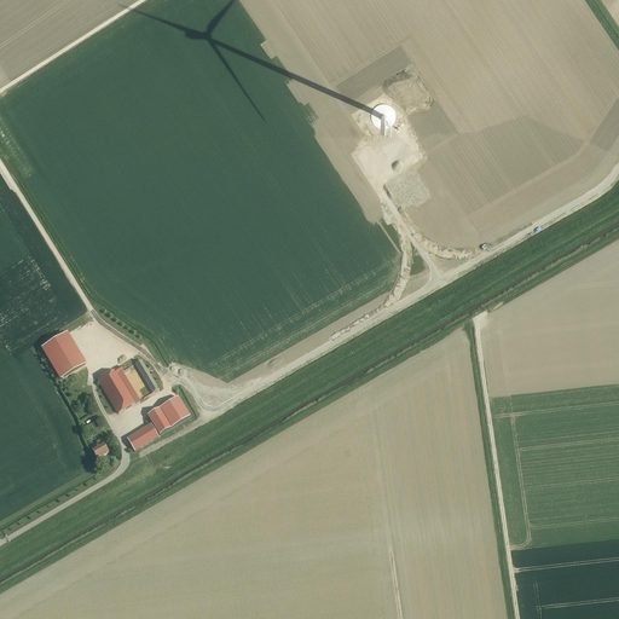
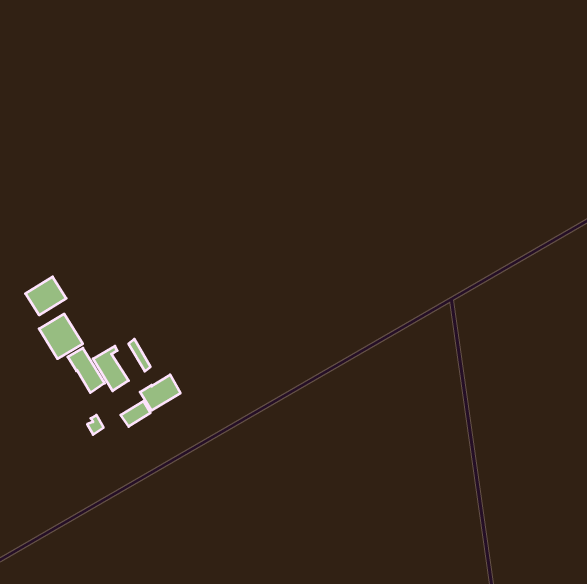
building: none -> [25,277,66,315]
building: none -> [68,348,105,393]

